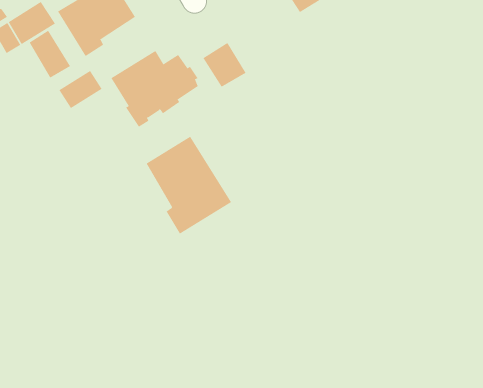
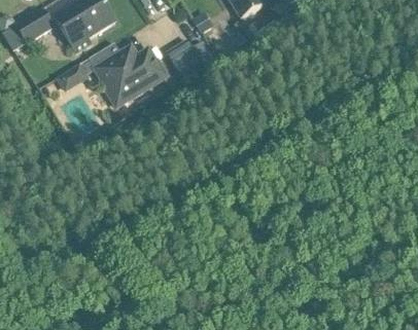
building: [29,30,71,78] -> none
building: [146,136,232,234] -> none

